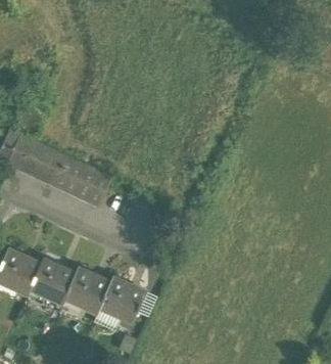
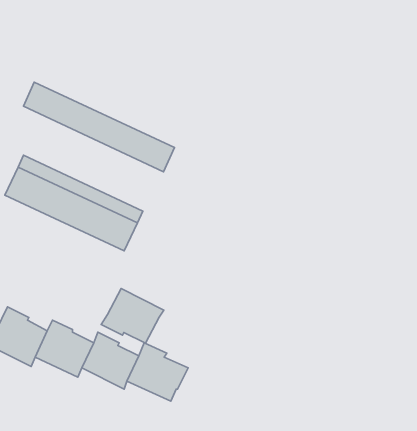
building: none -> [23,82,175,172]
building: none -> [101,288,164,343]

